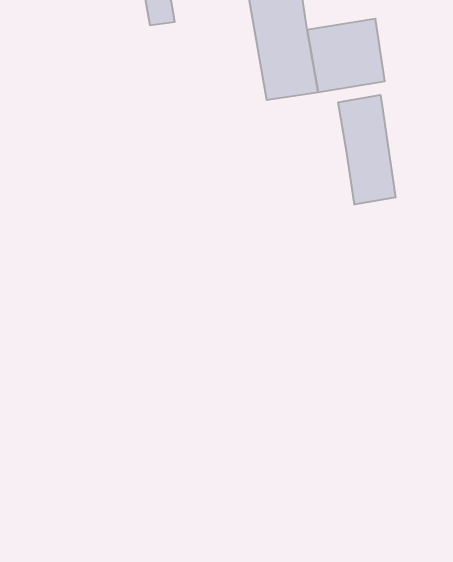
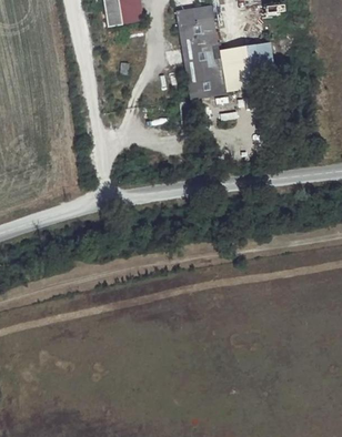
building: [338,95,395,205] -> none

